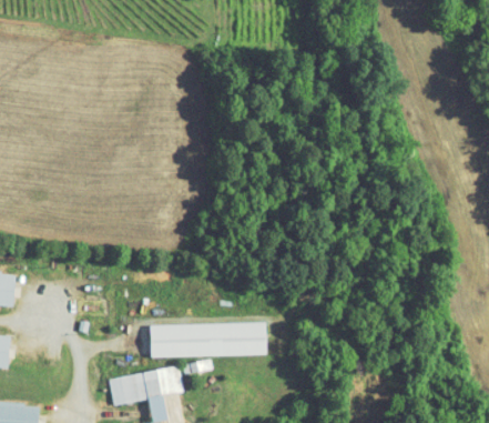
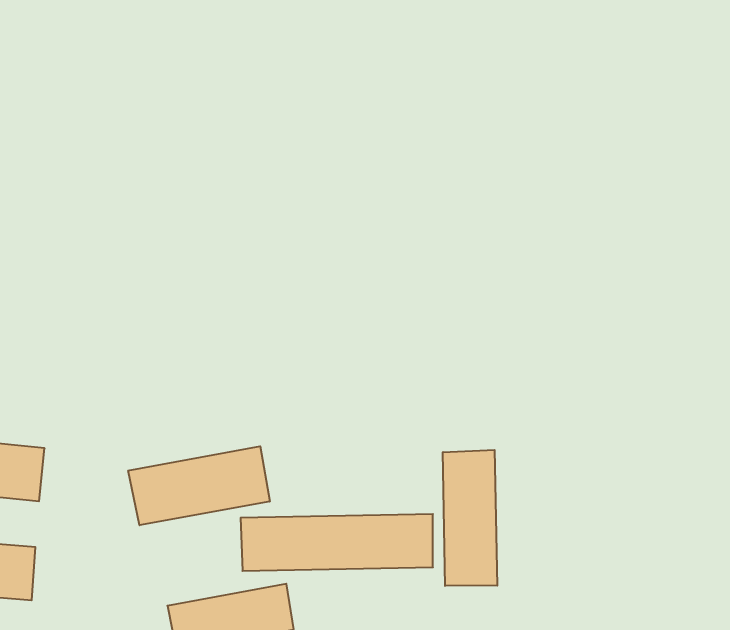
building: none -> [128,446,270,525]
building: none -> [443,450,497,586]

